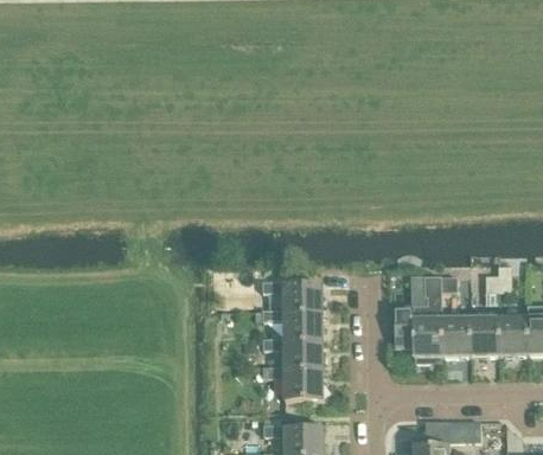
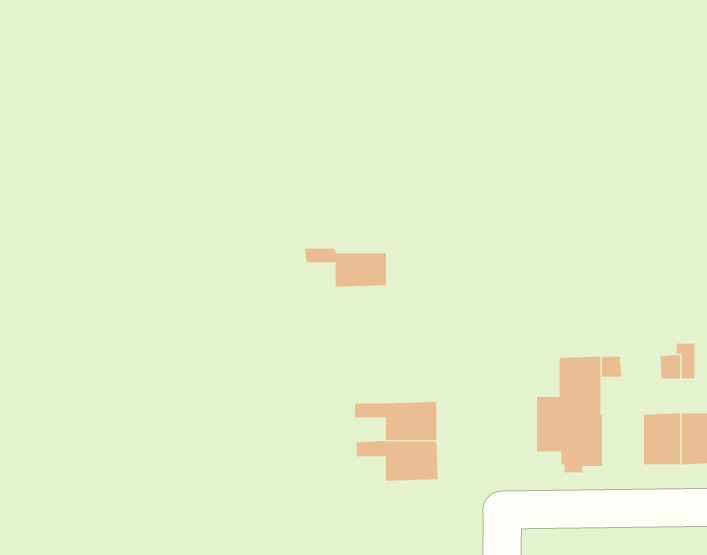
building: [261,281,321,309] -> [304,248,387,287]
building: [442,318,472,355] -> none
building: [262,365,322,400] -> none

